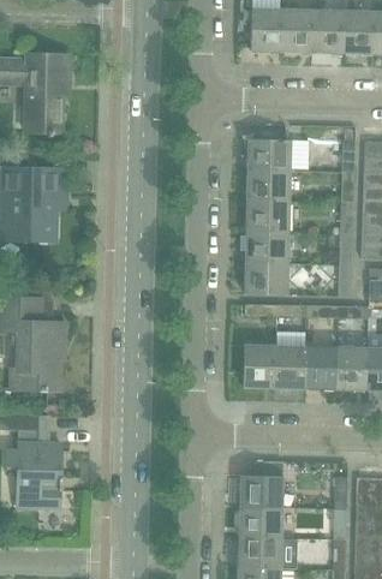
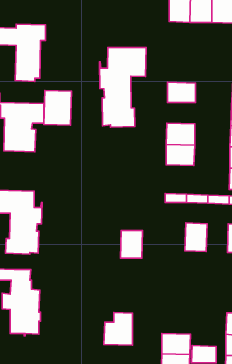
building: none -> [99,48,146,127]
building: none -> [44,91,71,125]
building: [246,169,288,201] -> none
building: [244,261,286,296] -> none
building: [241,346,274,387] -> [120,230,143,258]
building: [304,347,336,389] -> none
building: [239,461,281,509] -> [104,313,133,345]

